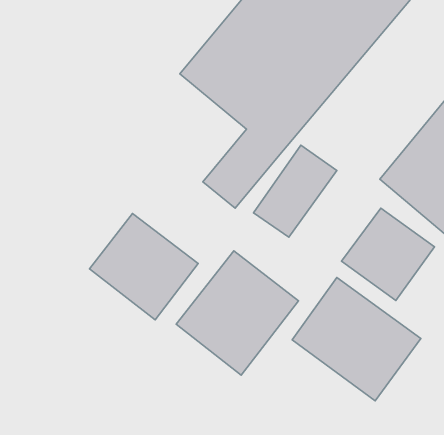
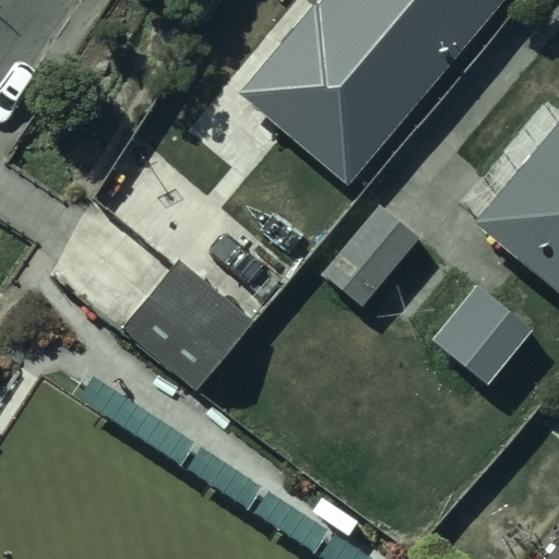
building: [176,251,299,375] -> none
building: [292,278,421,401] -> none

